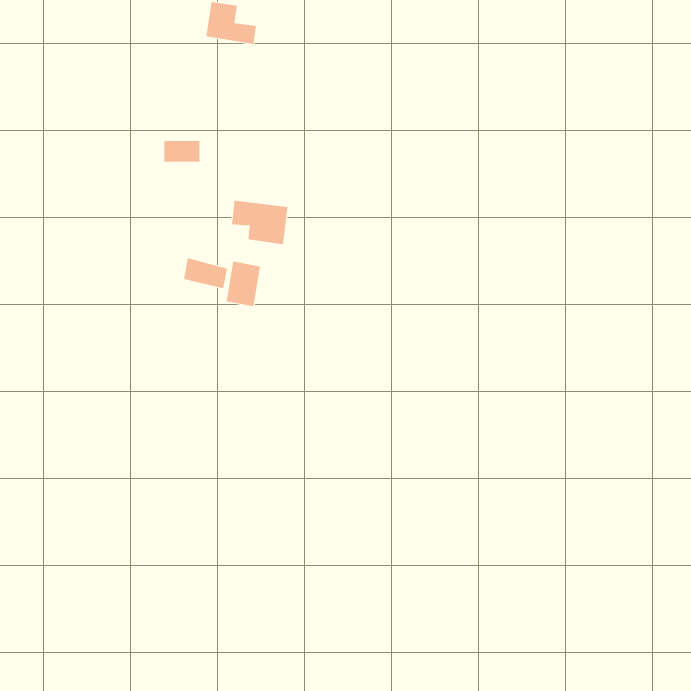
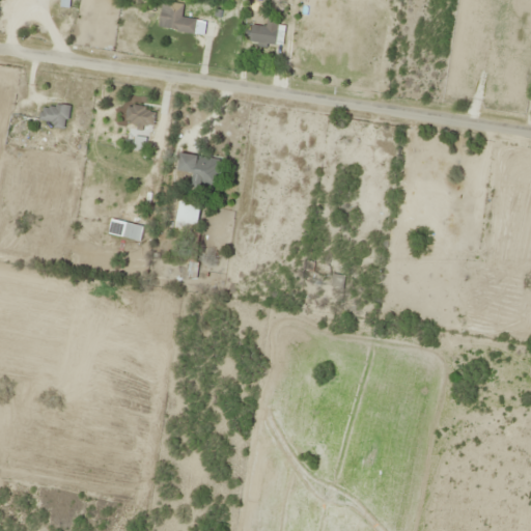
building: none -> [251,18,277,46]
building: none -> [38,103,69,128]
building: [183,258,228,289] -> [108,218,142,242]

